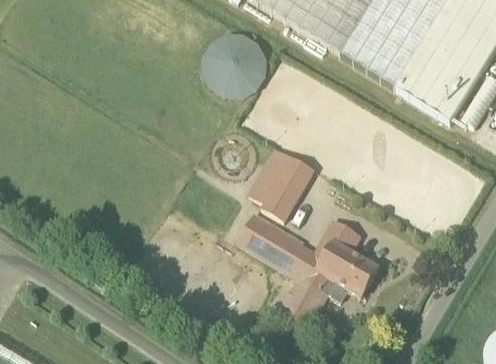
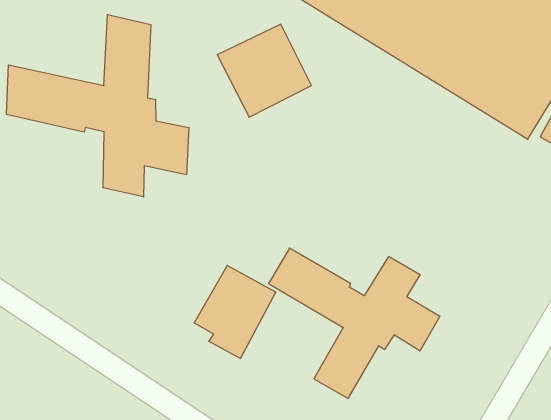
building: none -> [7,15,189,197]
building: [247,146,315,222] -> [194,265,276,358]

